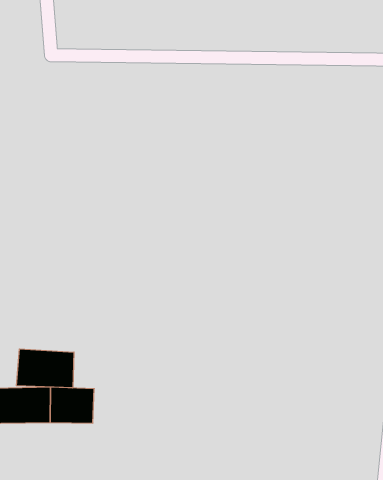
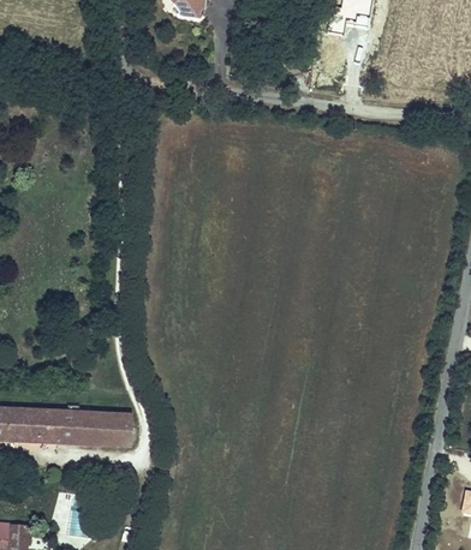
building: [16,349,74,388] -> none

